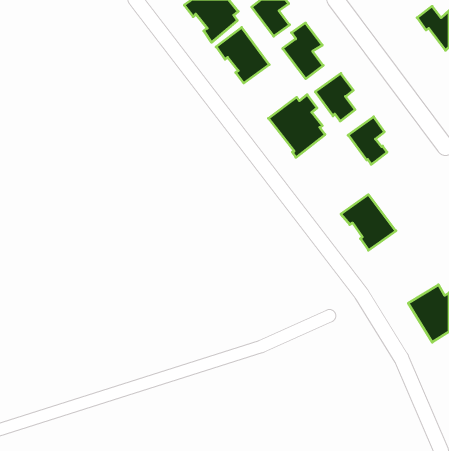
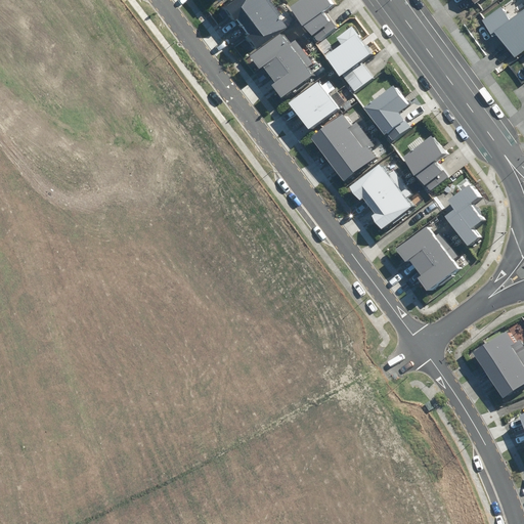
building: none -> [290,81,338,128]
building: none -> [348,162,411,228]
building: none -> [445,184,482,245]

